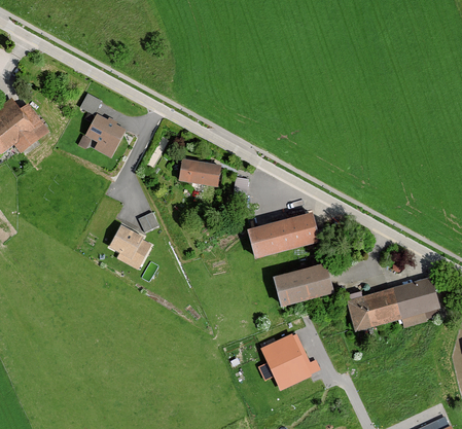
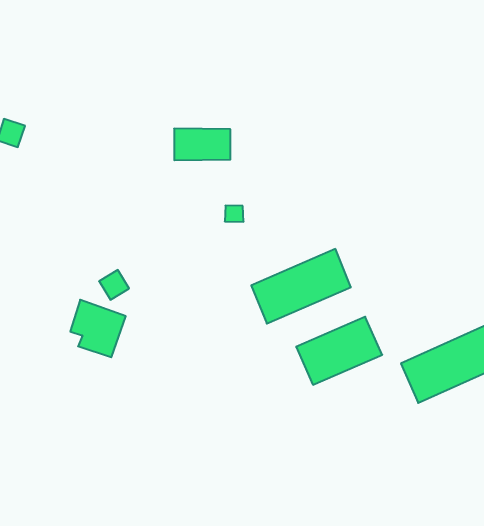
building: [83,114,123,157] -> none
building: [180,158,223,186] -> [174,129,230,160]
building: [261,327,321,384] -> none

